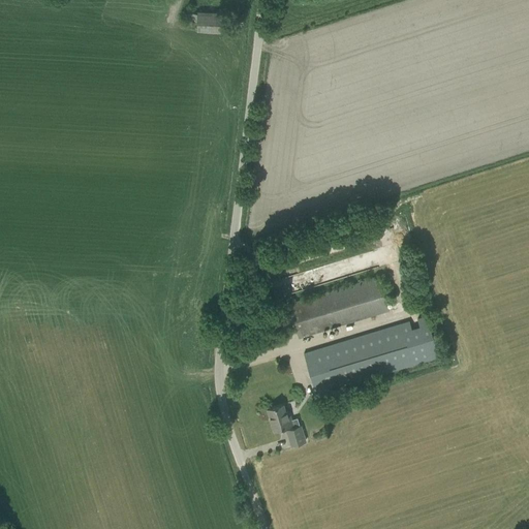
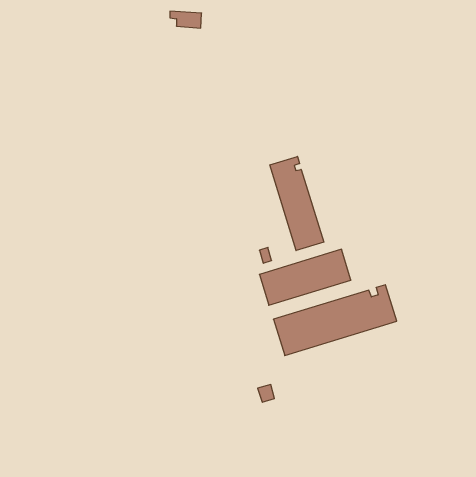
building: none -> [270,156,324,251]
building: [267,404,291,430] -> none

